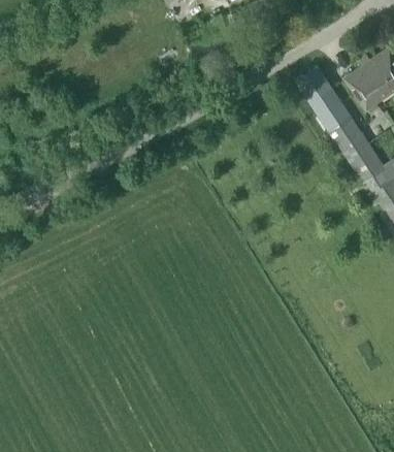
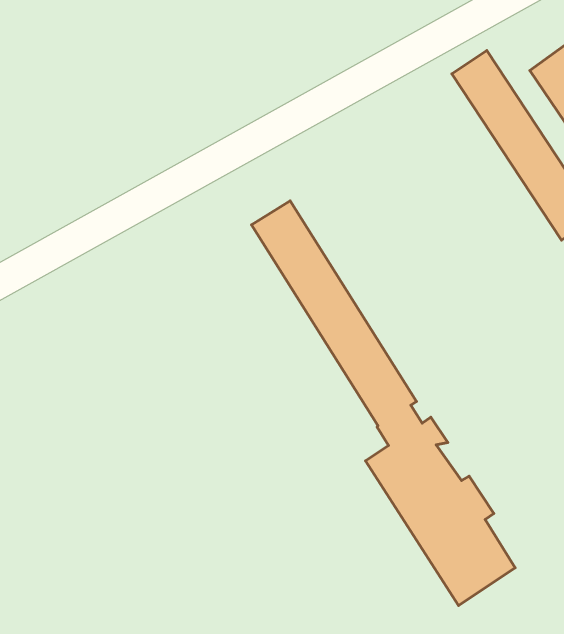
building: none -> [251,201,515,606]

